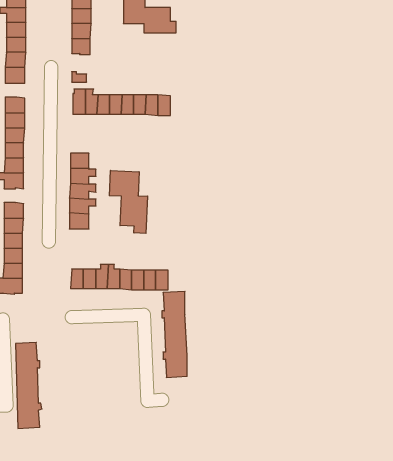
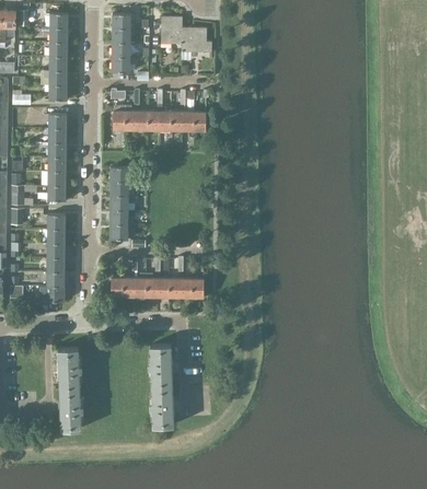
building: [109,170,148,233] -> none
building: [162,291,187,377] -> [149,345,173,427]

